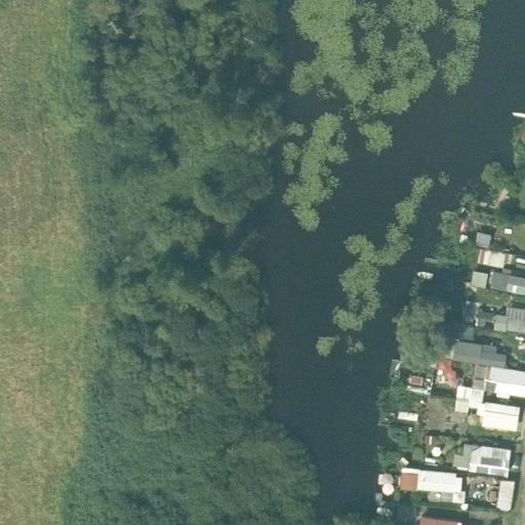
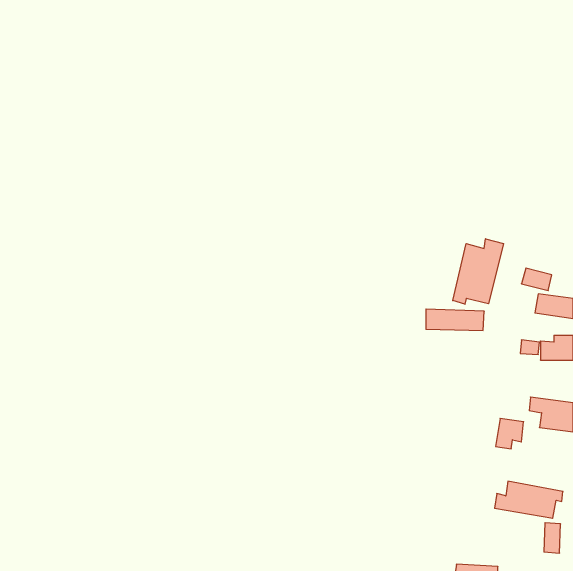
building: none -> [453,239,504,304]
building: [452,344,506,363] -> [426,309,484,330]
building: [481,401,519,431] -> none
building: [400,468,461,494] -> none

